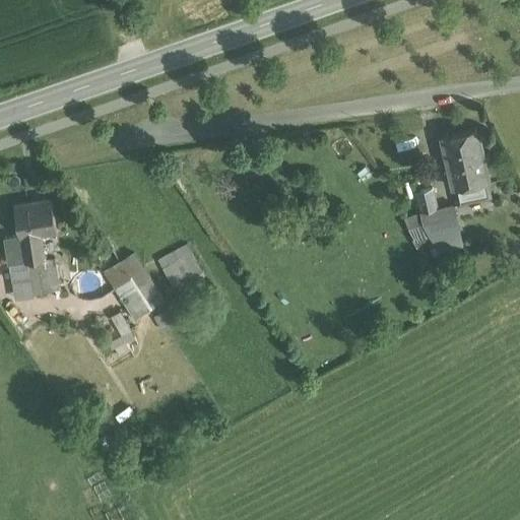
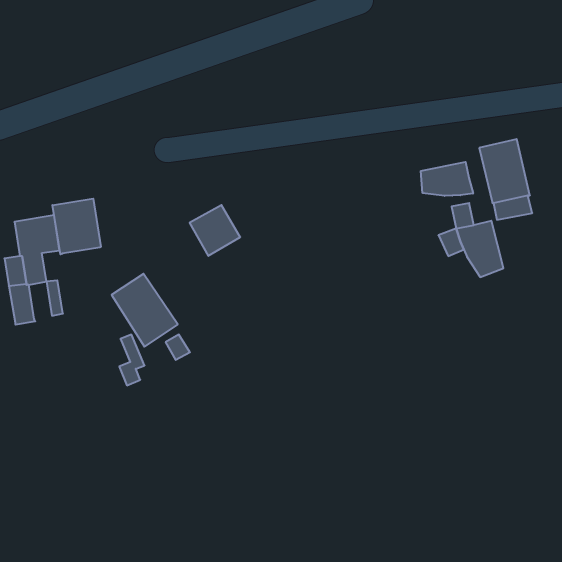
building: none -> [421,162,473,196]
building: none -> [52,199,101,254]
building: [156,246,203,292] -> [190,205,240,256]
building: [26,261,48,296] -> none

